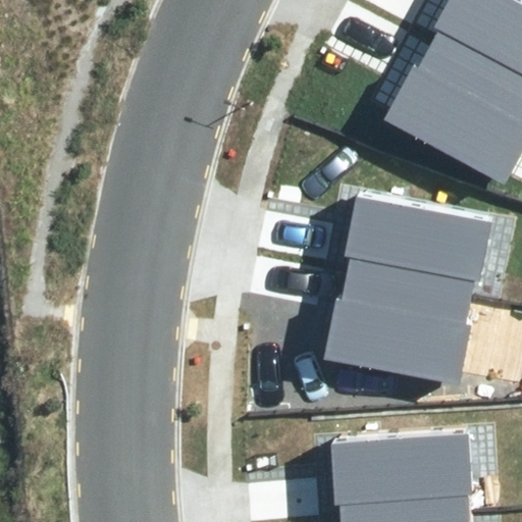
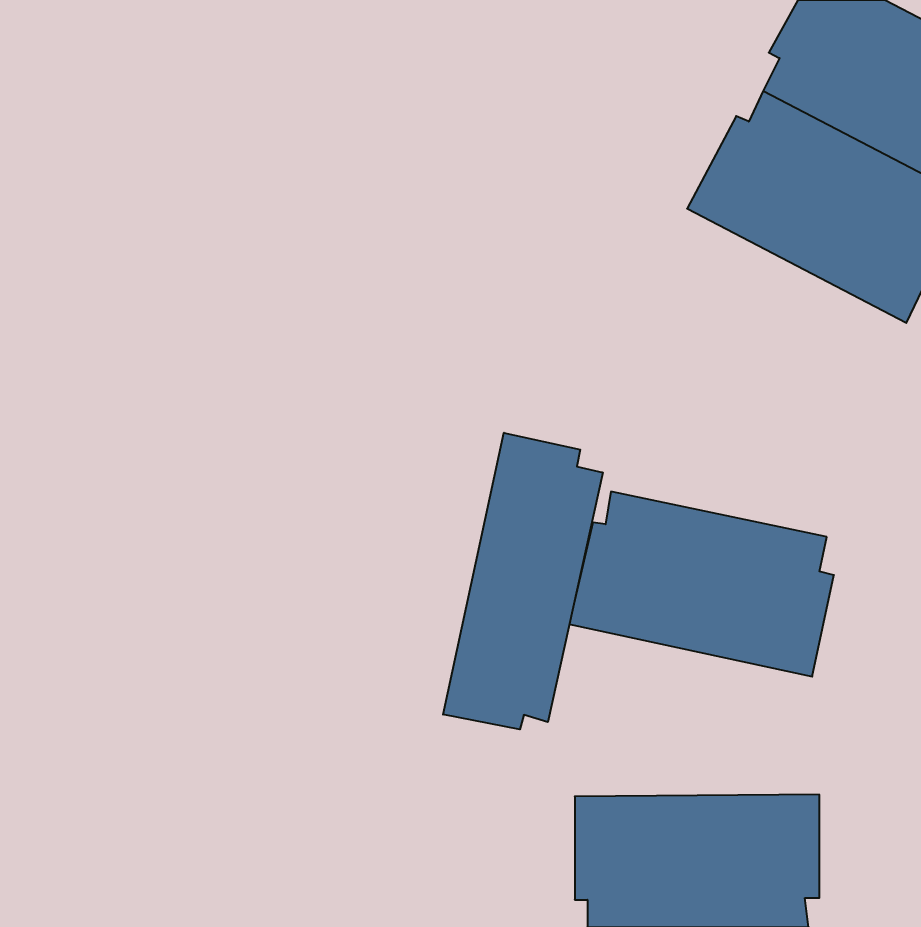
building: [345,199,491,302] -> none
building: none -> [443,433,603,729]

